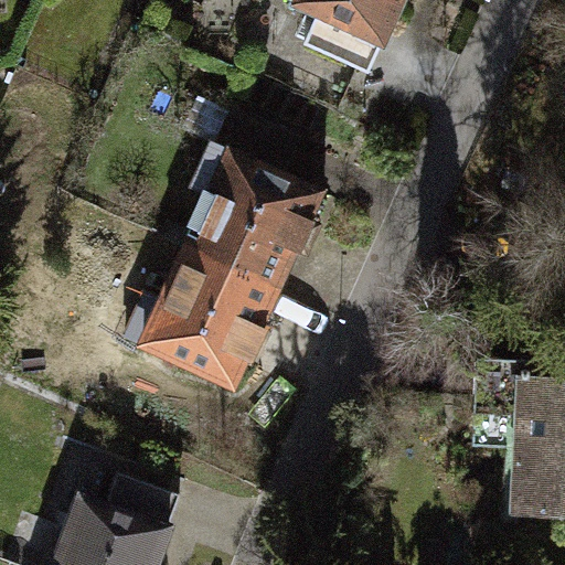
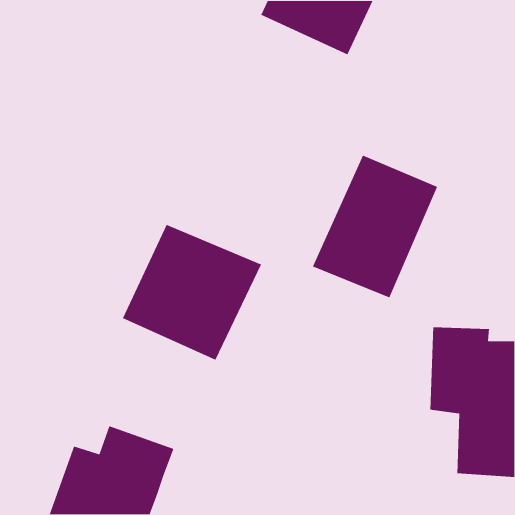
building: [182,157,331,289] -> none
building: none -> [312,155,438,298]

